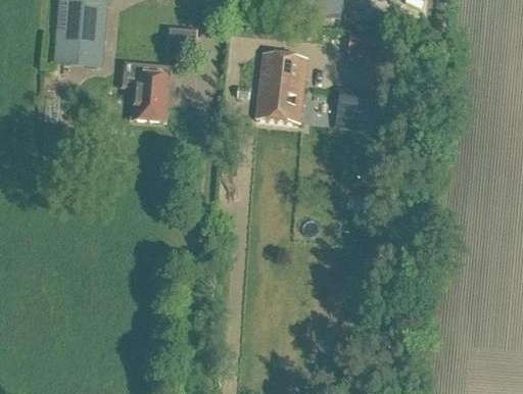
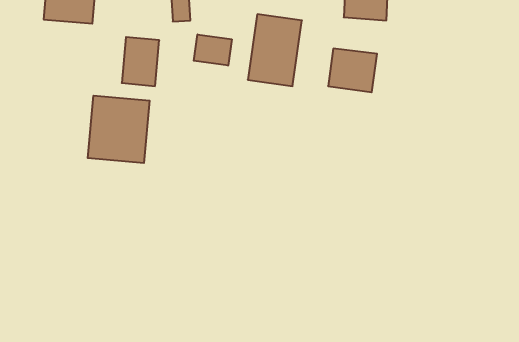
building: none -> [194,34,232,66]
building: none -> [88,96,150,163]

